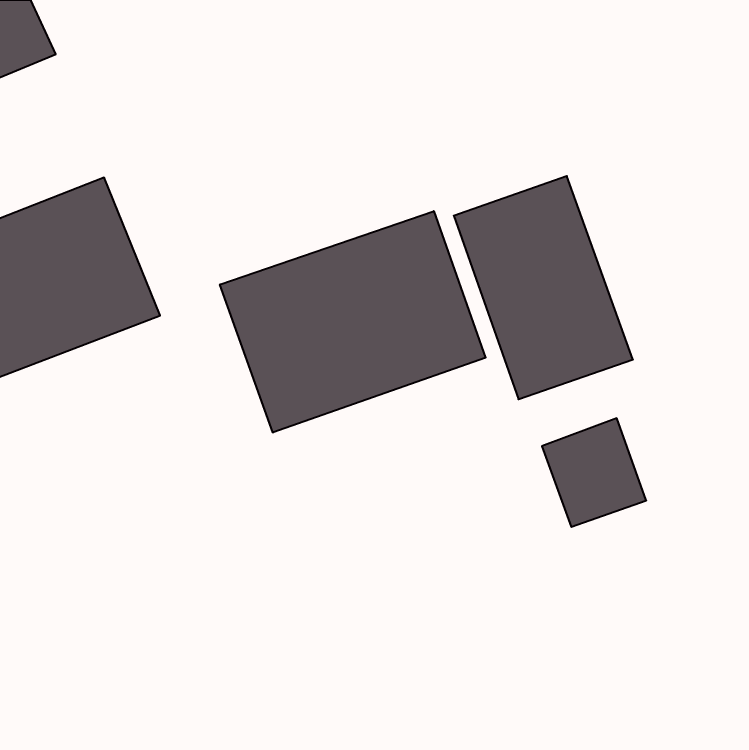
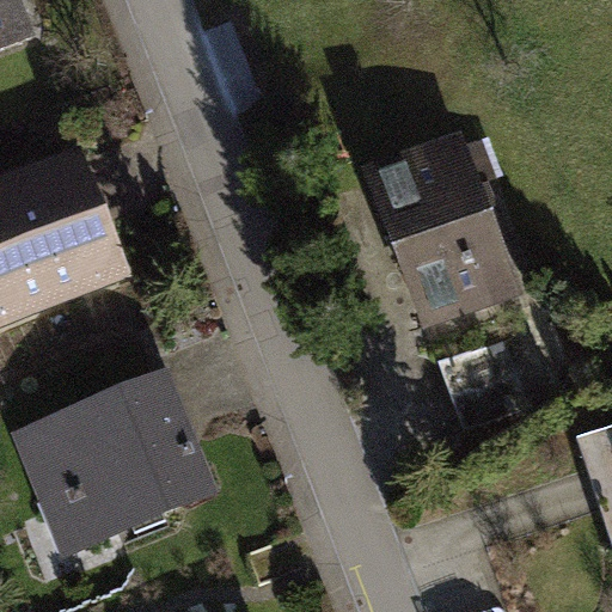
building: [220,211,486,433] -> none
building: none -> [38,366,218,547]

